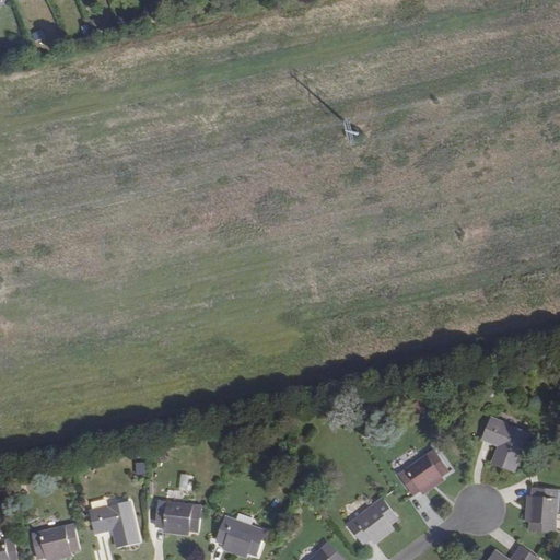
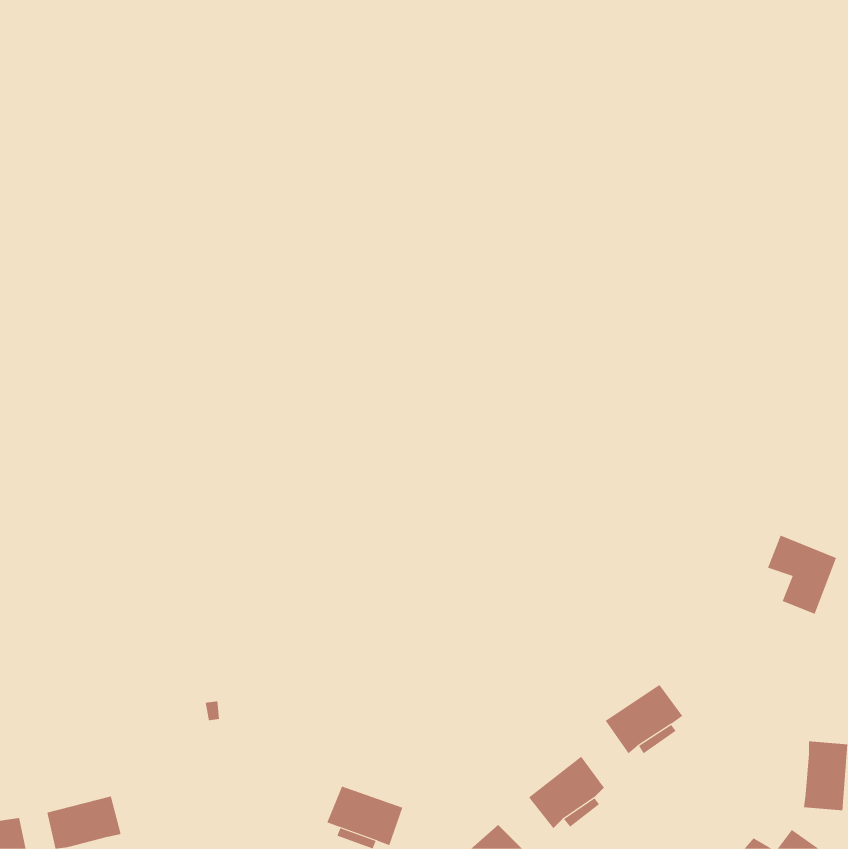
building: [481,418,527,470] -> [767,535,837,615]
building: [154,500,201,530] -> none
building: [90,501,138,546] -> none

